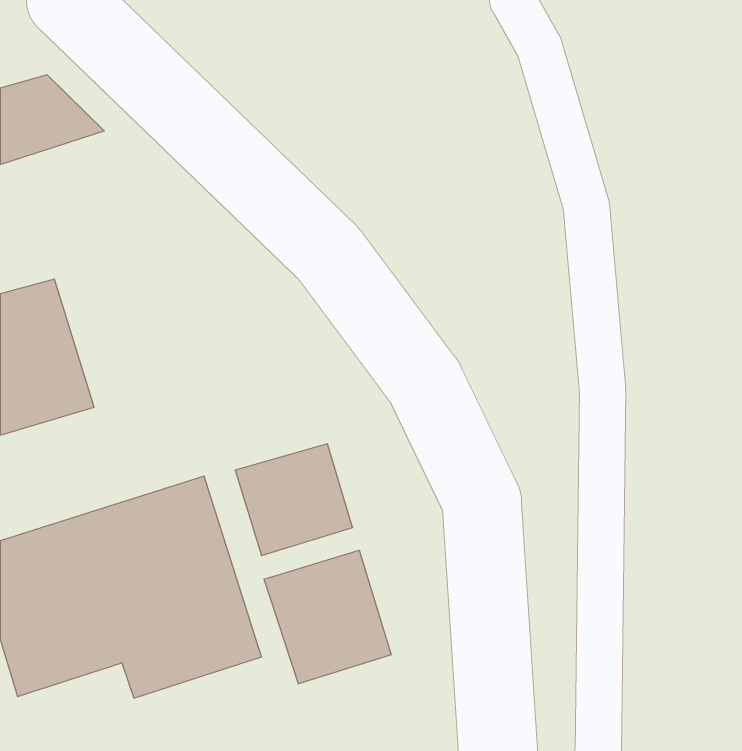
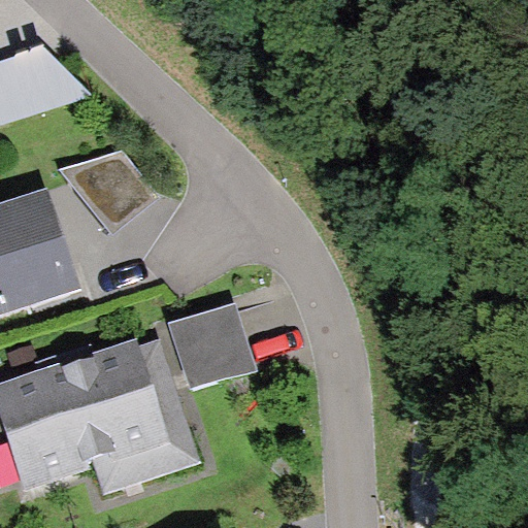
building: none -> [62,157,158,228]
building: [264,550,391,684] -> none

